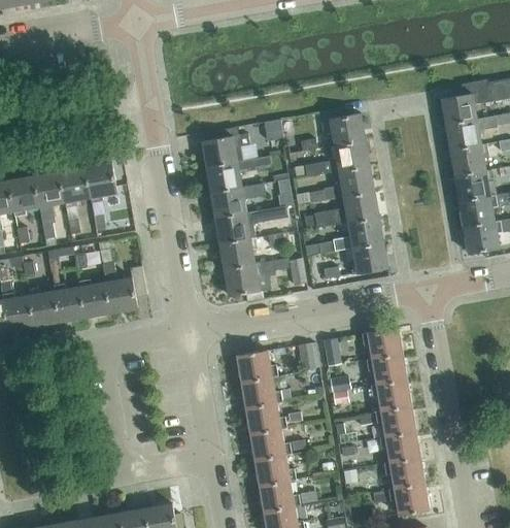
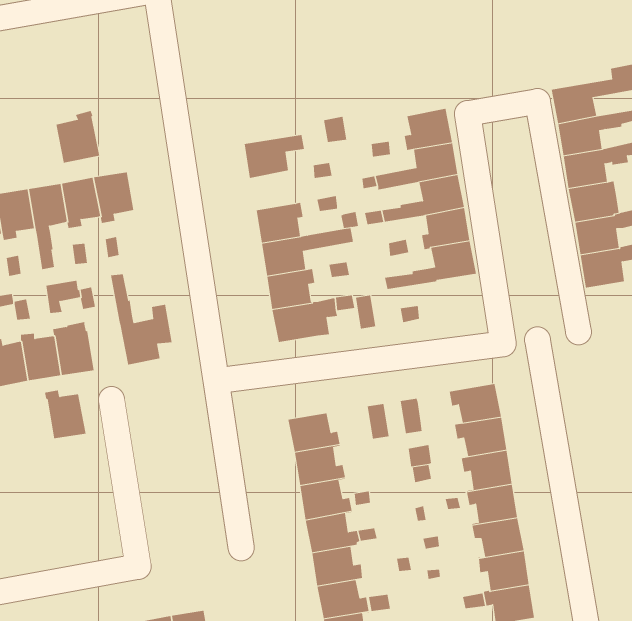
building: none -> [56,110,100,163]
building: [206,160,244,192] -> none
building: [349,241,387,273] -> none
building: [78,278,111,317] -> [44,390,86,439]

